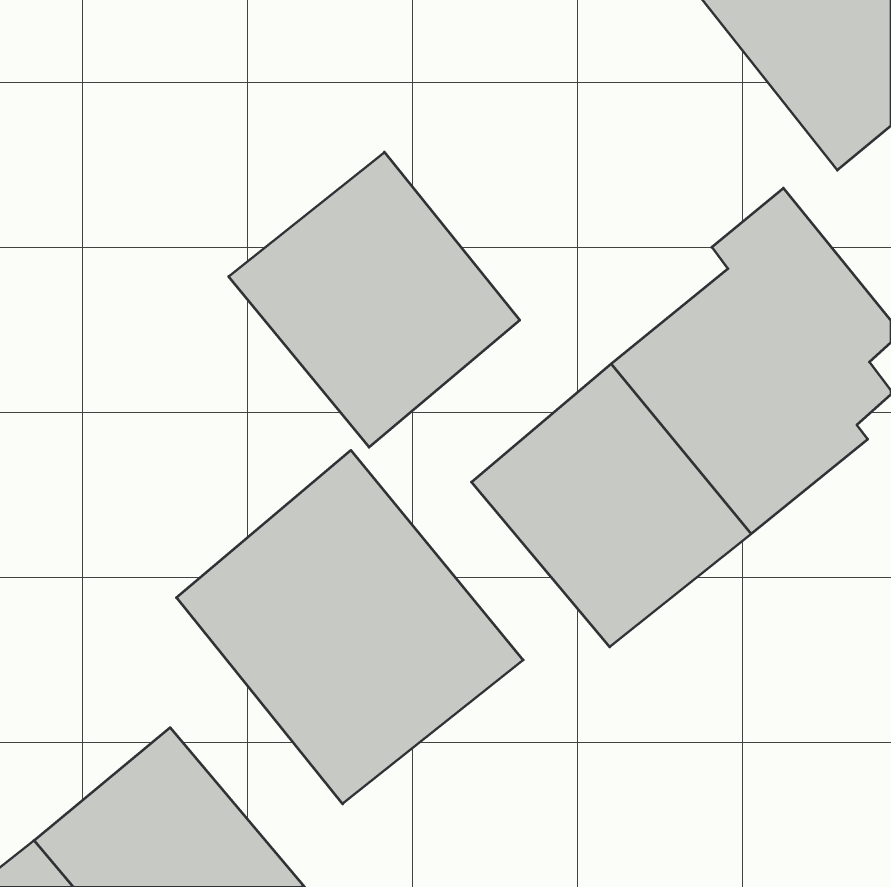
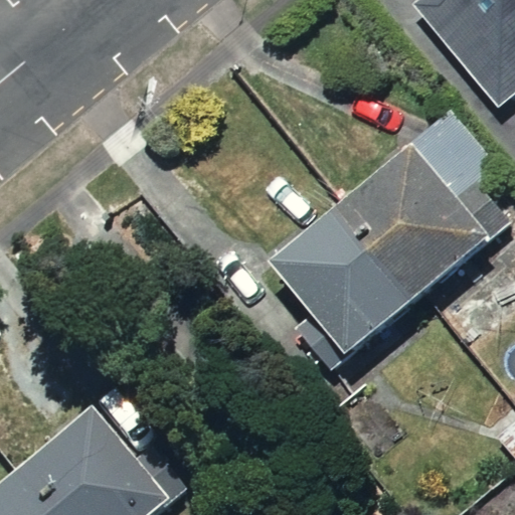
building: [229,152,520,447] -> none
building: [176,450,523,804] -> none

